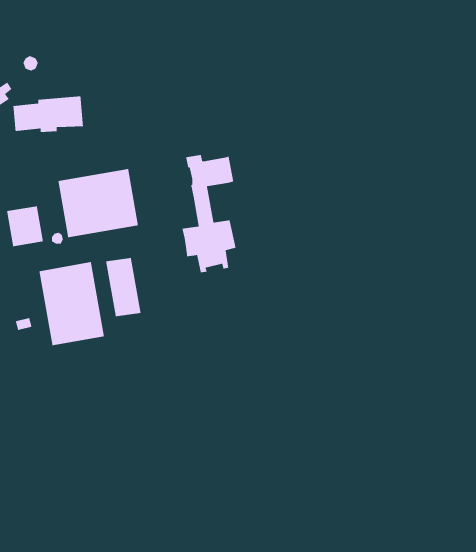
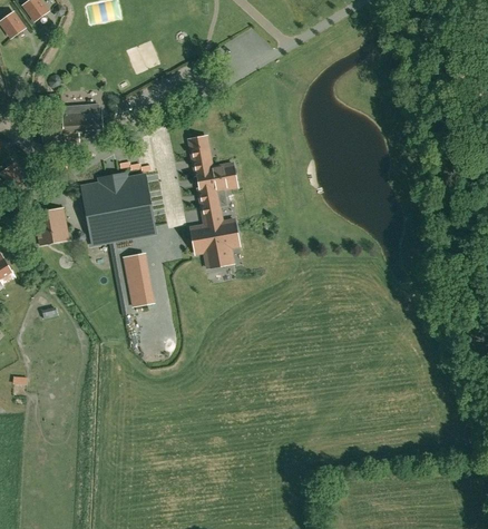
building: none -> [189,135,211,164]
building: [38,261,105,346] -> none

